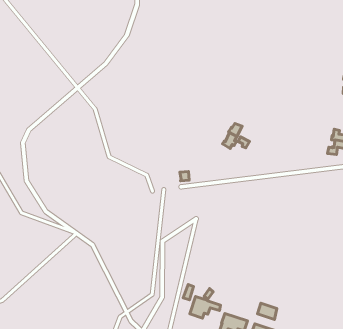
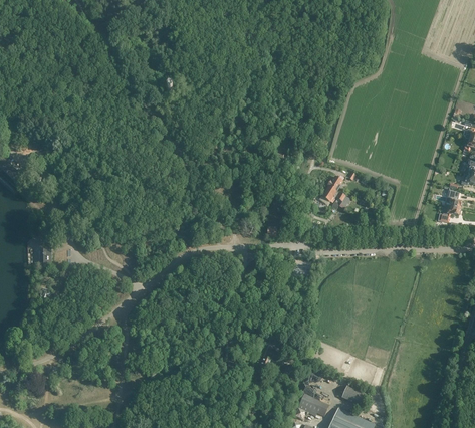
building: [190,296,220,318] -> none

